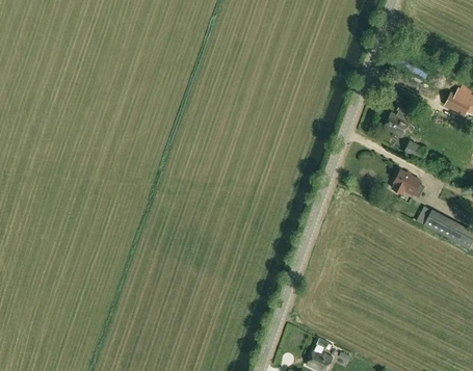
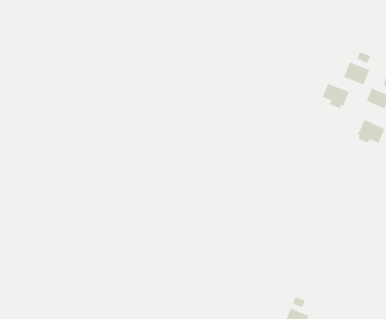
building: none -> [322,83,349,109]

